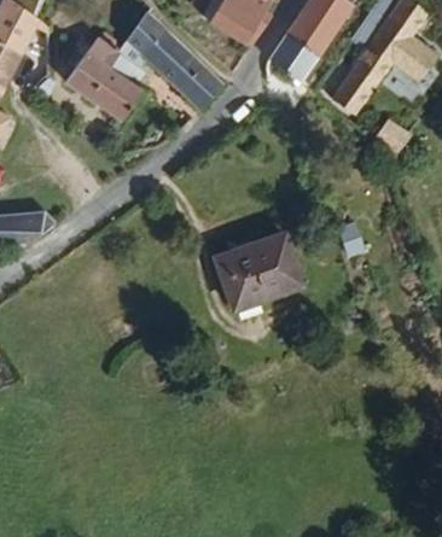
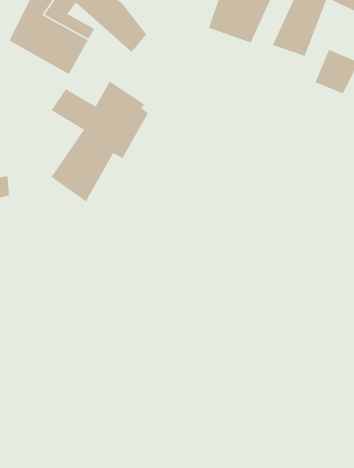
building: none -> [51,80,149,203]
building: [220,229,308,304] -> none

